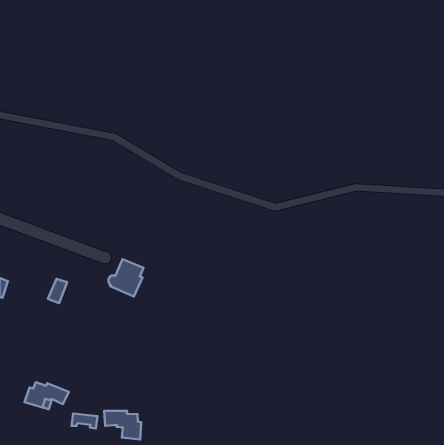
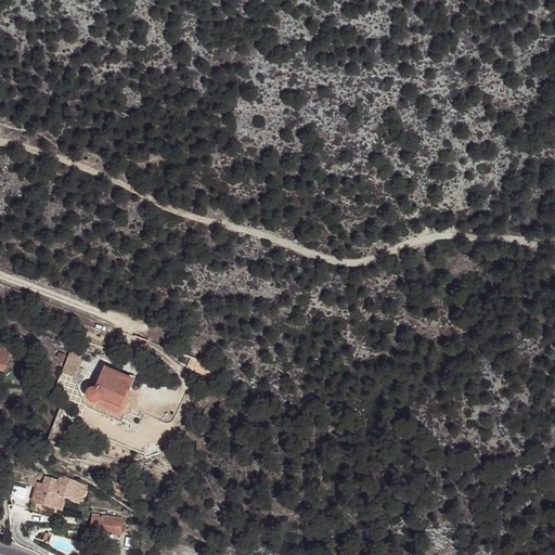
building: [109,259,143,297] -> [86,367,129,414]
building: [104,411,141,439] -> none

